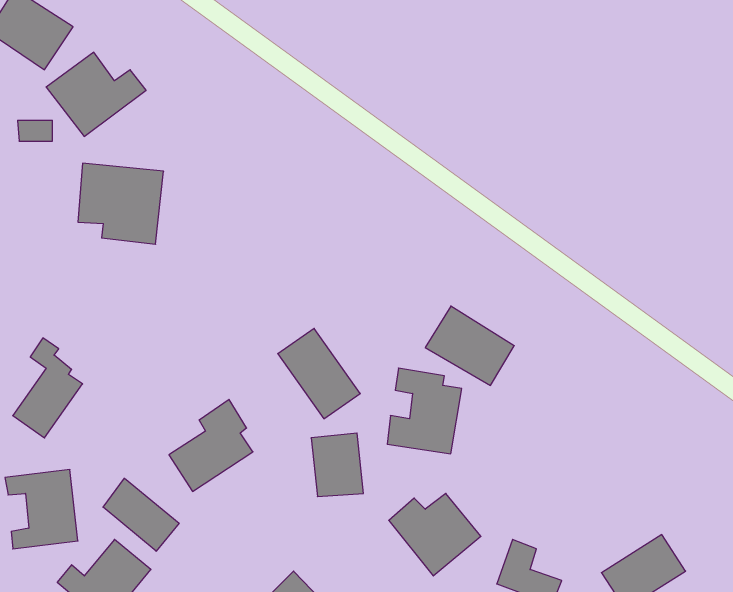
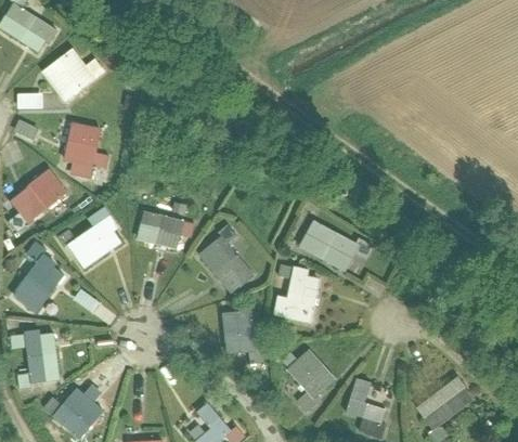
building: none -> [12,170,68,223]
building: none -> [137,209,183,249]
building: [169,399,253,491] -> [67,206,125,269]
building: [103,478,179,551] -> none

